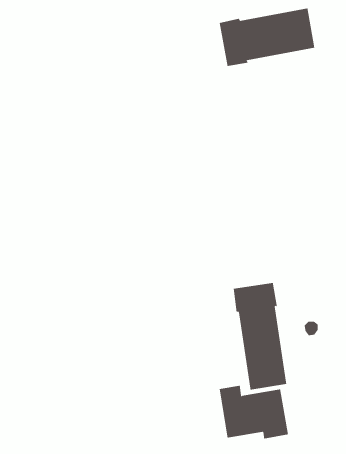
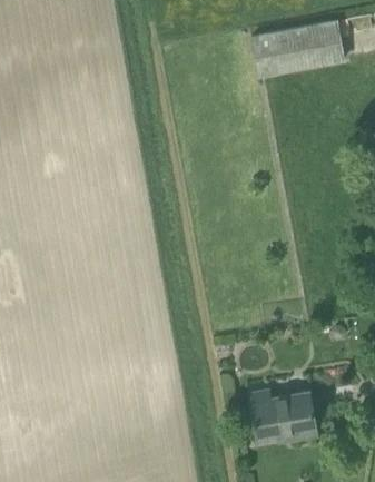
building: [233,282,287,391] -> none

